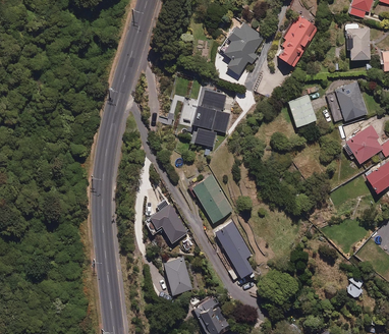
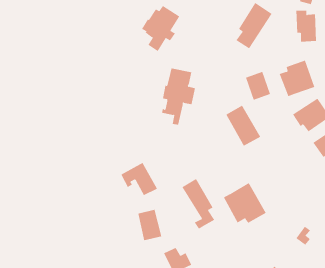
building: [219,24,264,78] -> [141,5,180,52]
building: [191,172,232,220] -> [226,105,261,146]
building: none -> [223,182,267,224]

